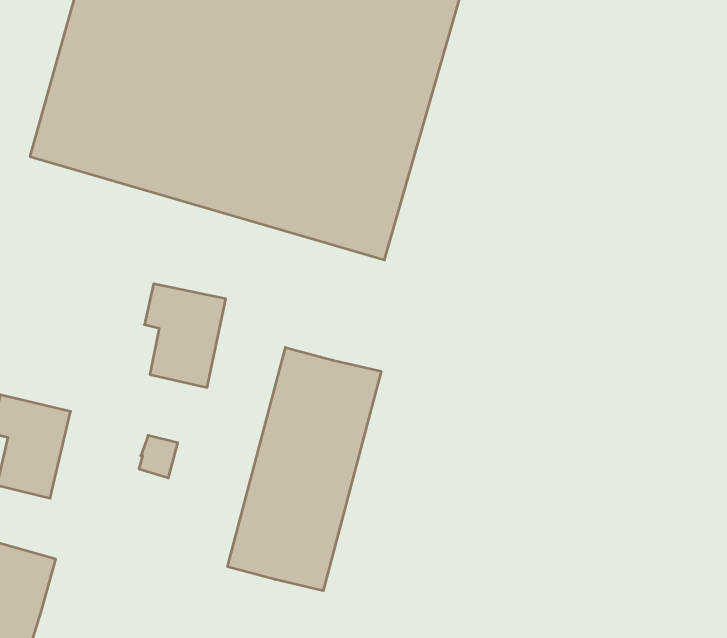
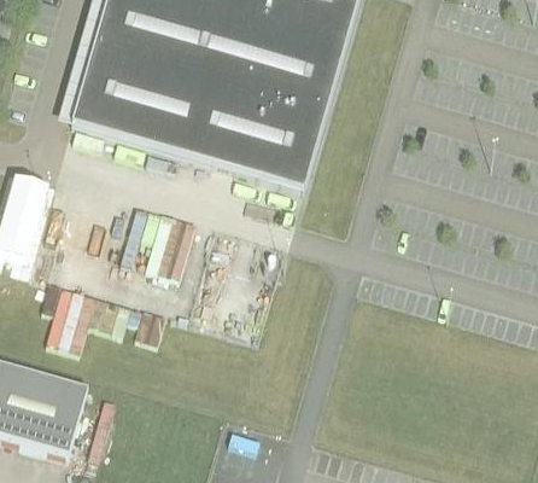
building: [228,347,381,591] -> none

